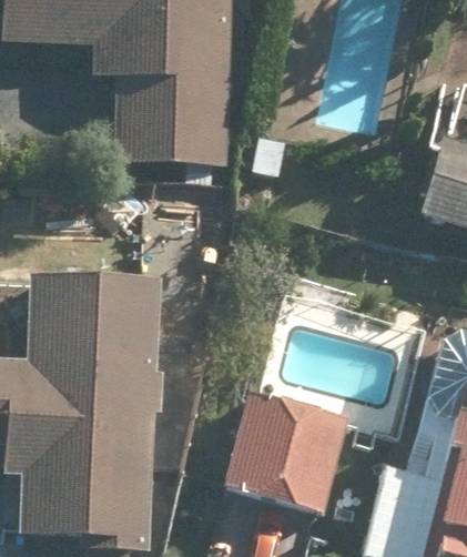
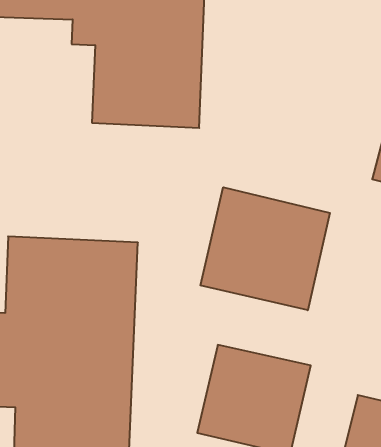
building: none -> [200,187,330,310]

